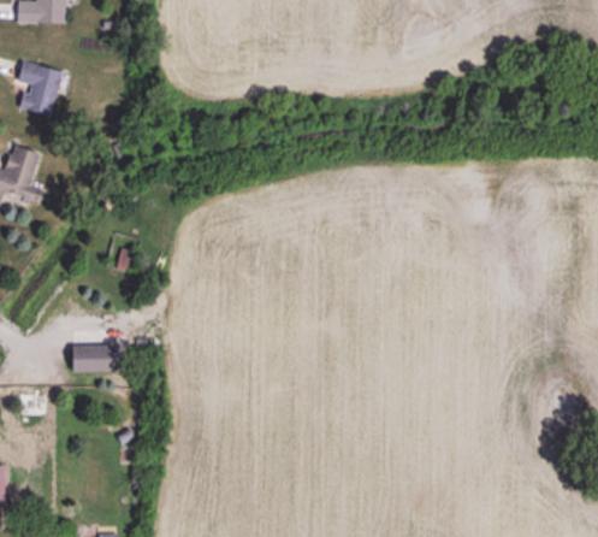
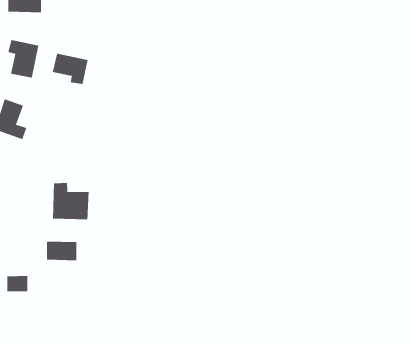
building: none -> [52,53,88,85]
building: none -> [53,182,89,220]

